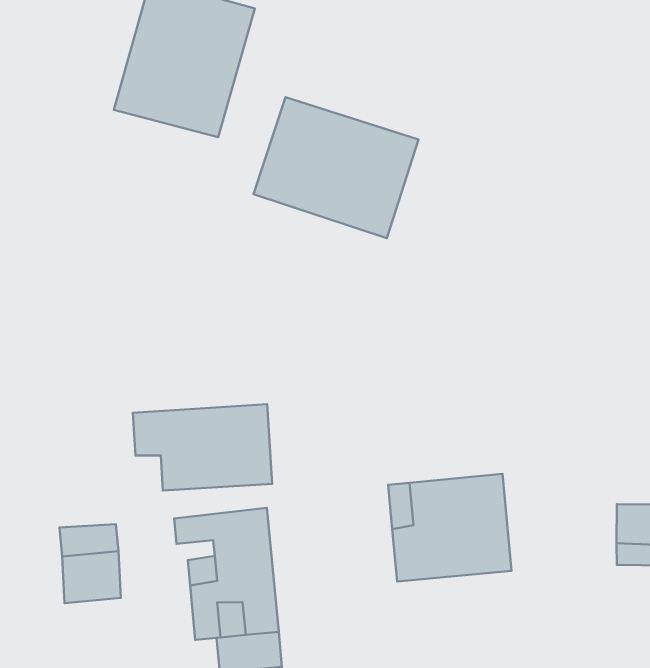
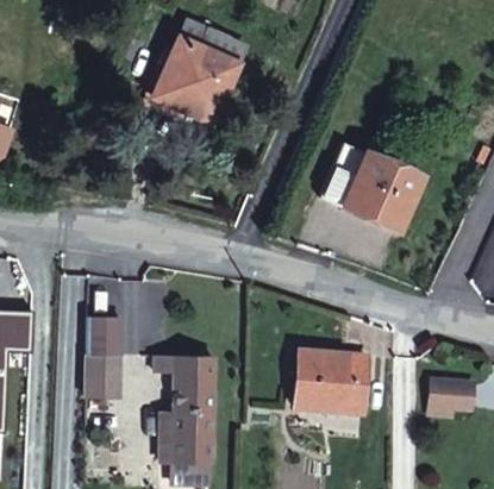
building: [253,97,419,238] -> [319,139,423,231]
building: [133,404,272,491] -> none
building: none -> [90,321,126,359]

